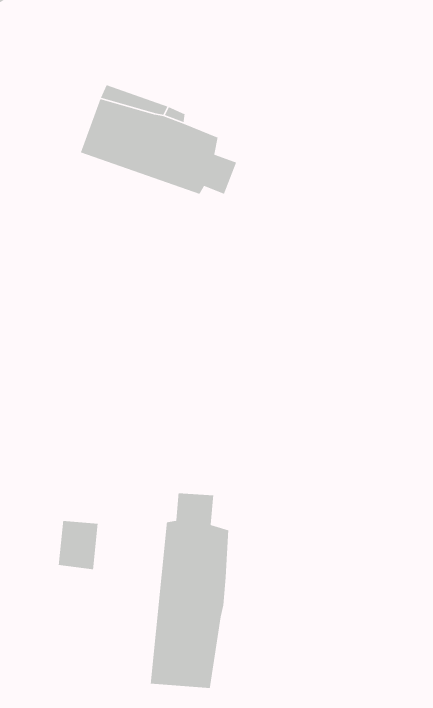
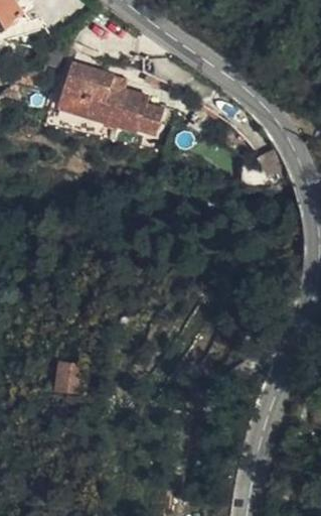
building: [150,493,229,689] -> none

